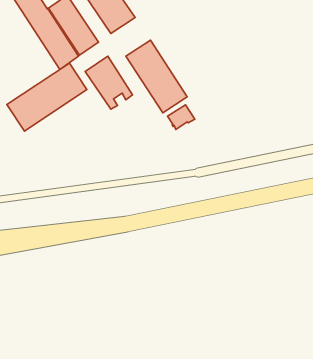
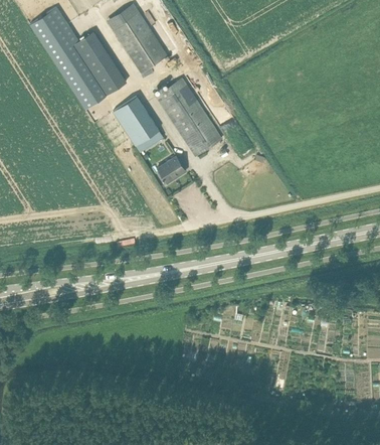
building: [7,63,87,131] -> none
building: [167,105,195,129] -> [158,156,187,182]

